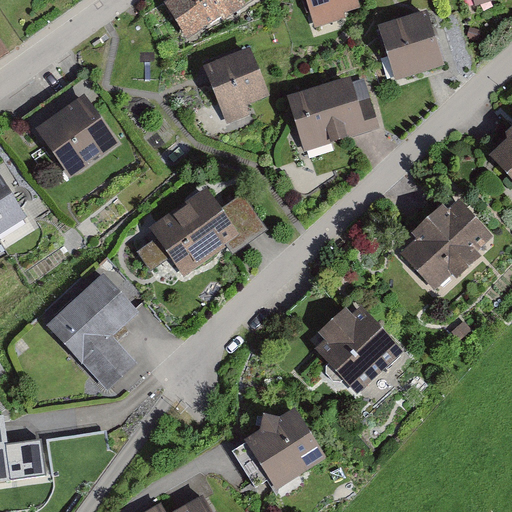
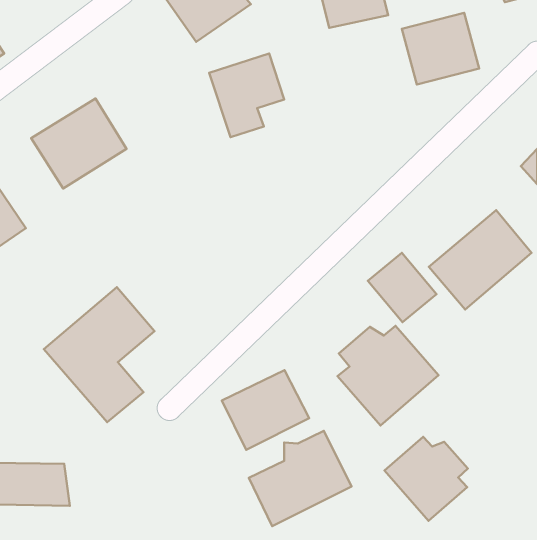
building: [289,75,375,146] -> none
building: [136,189,263,270] -> none
building: none -> [368,253,437,322]
building: none -> [222,370,309,450]
building: none -> [385,437,468,521]

